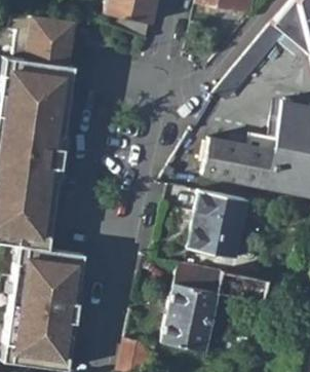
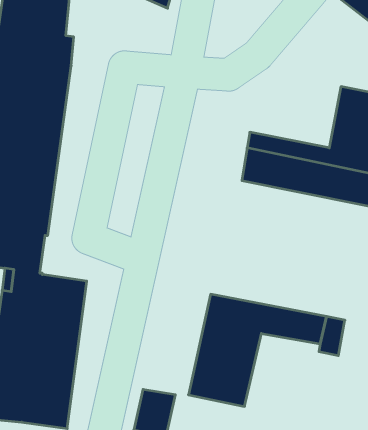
building: [189,189,248,255] -> none

